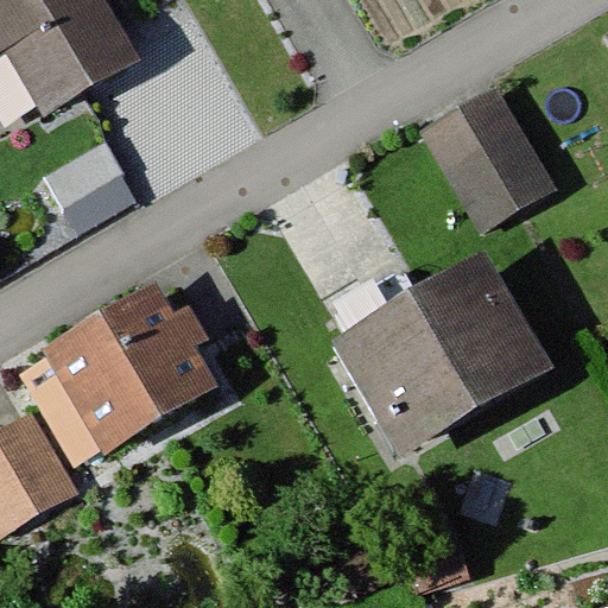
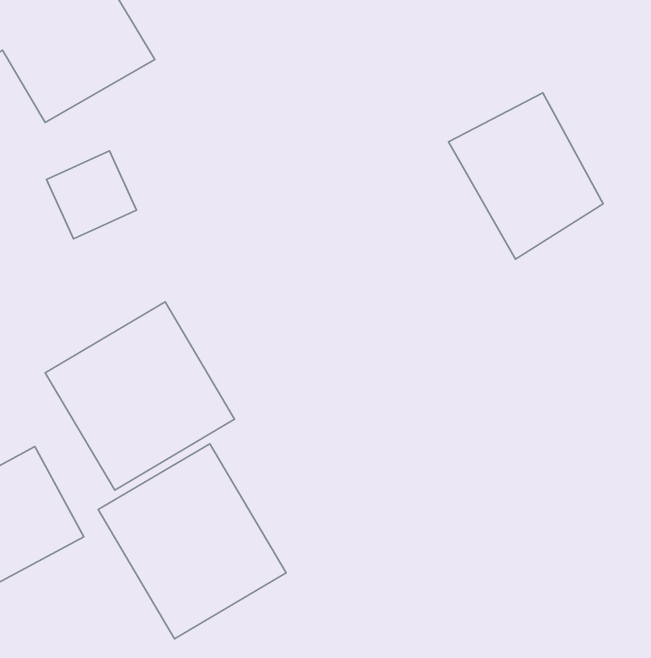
building: [328,251,551,457] -> none
building: none -> [98,444,286,639]

